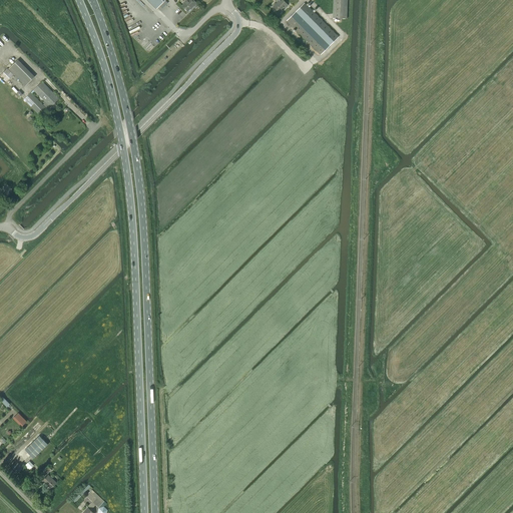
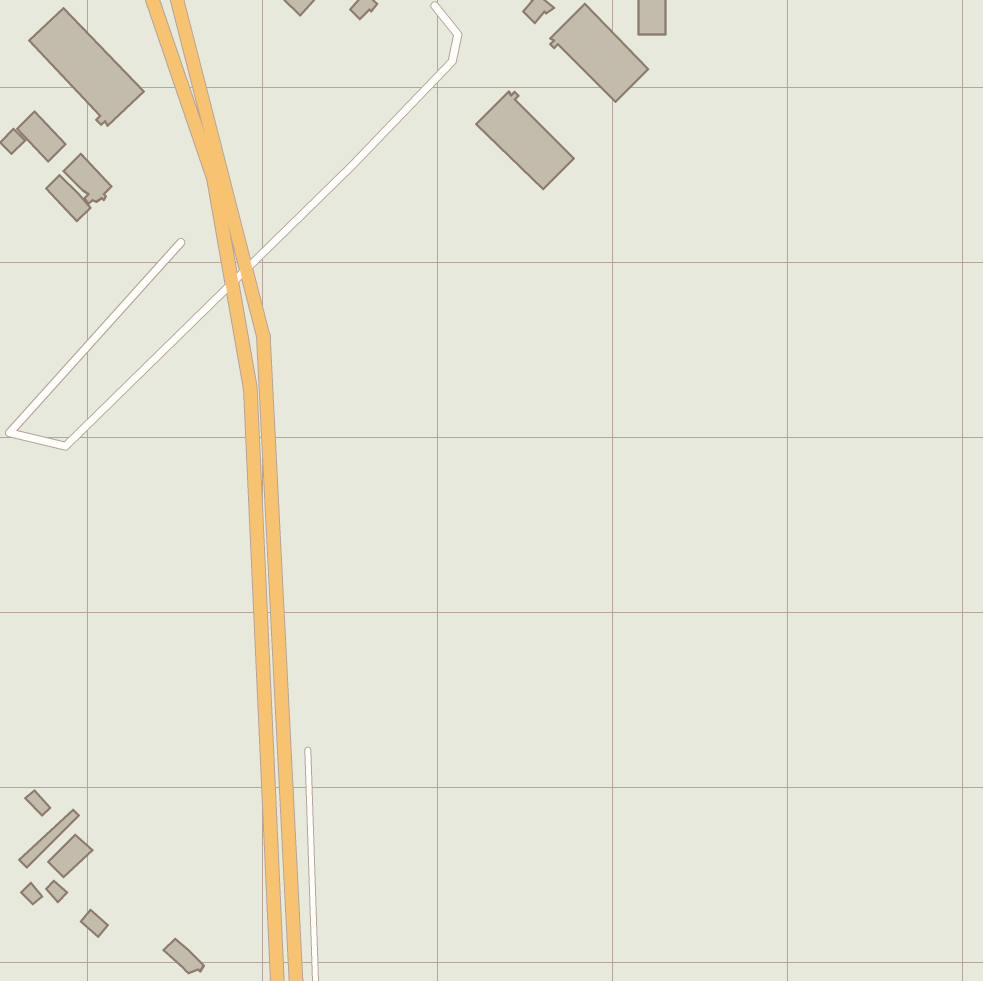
building: none -> [29,8,144,126]
building: none -> [476,92,574,189]

